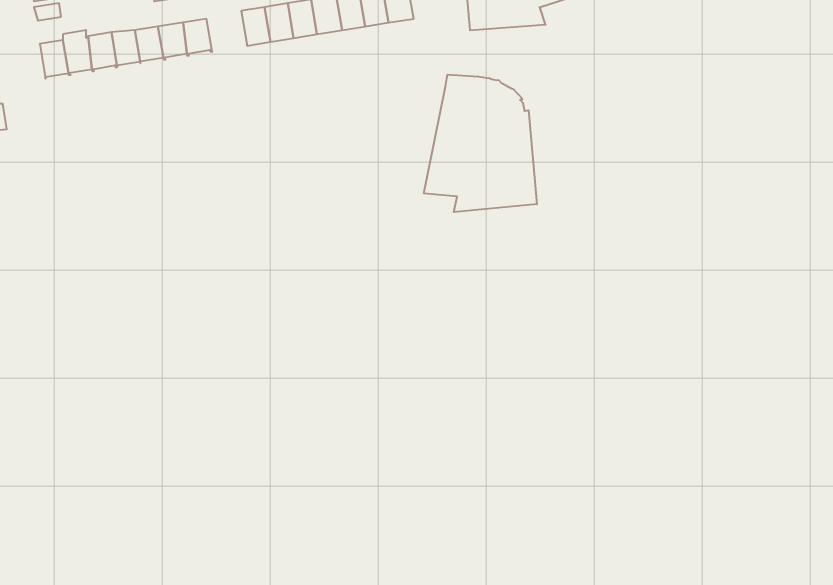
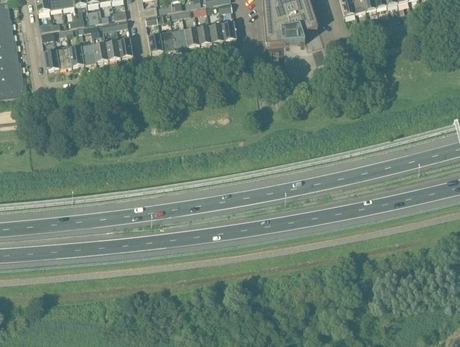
building: [424,75,537,212] -> none

